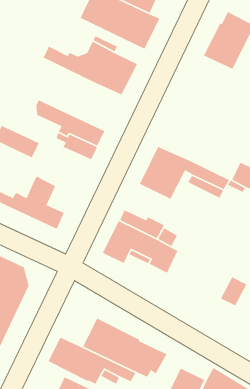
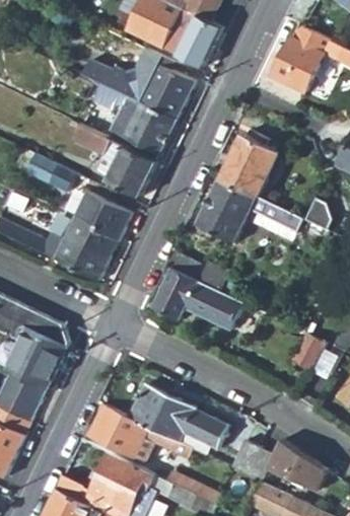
building: none -> [89,84,174,154]
building: none -> [220,136,278,198]
building: none -> [74,193,130,259]

